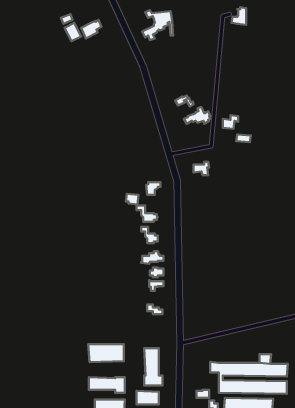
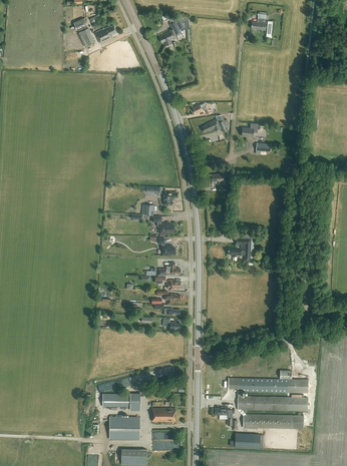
building: none -> [227,234,253,262]
building: [88,344,124,362] -> none
building: [144,348,162,386] -> none

